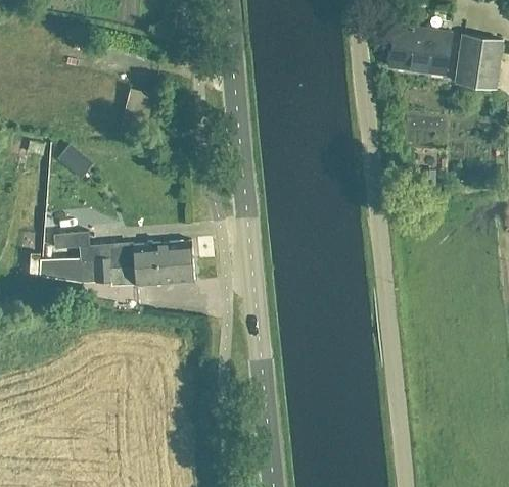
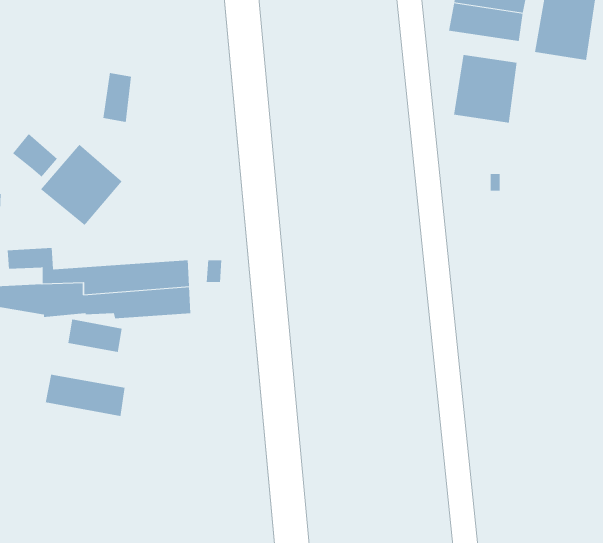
building: none -> [454,54,517,123]
building: none -> [40,144,122,226]
building: none -> [45,374,125,417]

